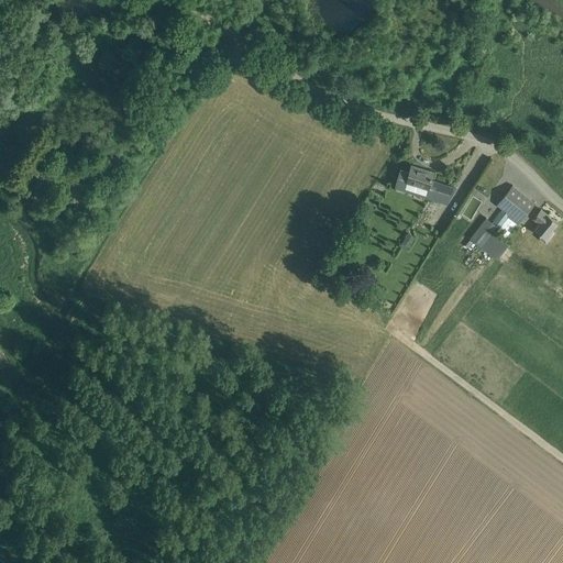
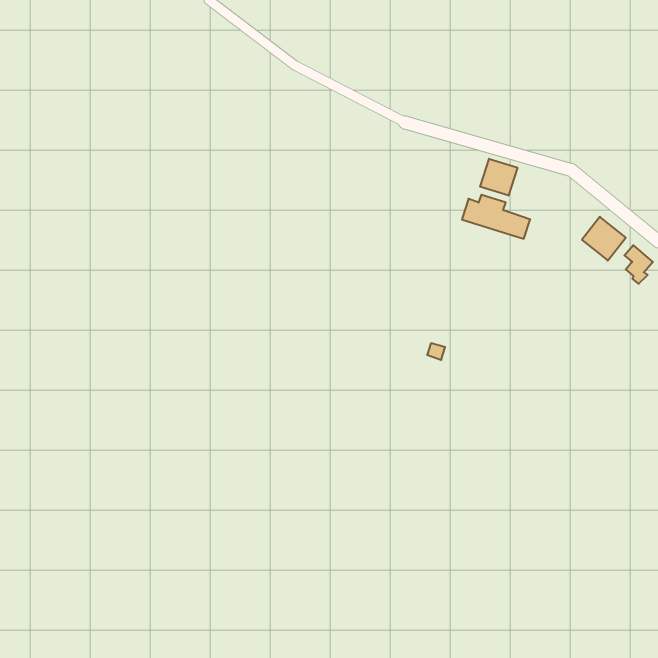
building: none -> [480,159,517,196]
building: [470,220,509,262] -> none

